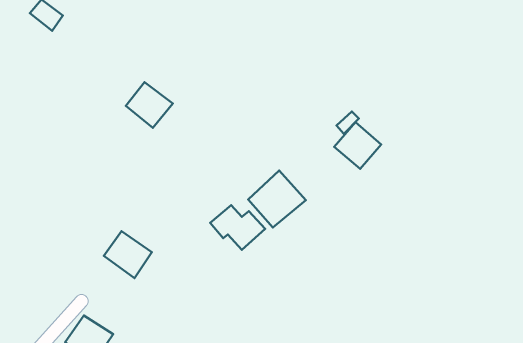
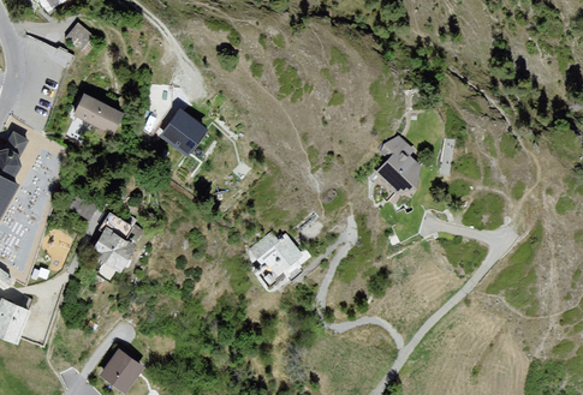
building: none -> [73,92,129,133]
building: [248,171,306,227] -> none
building: [104,231,152,278] -> [95,226,144,274]

